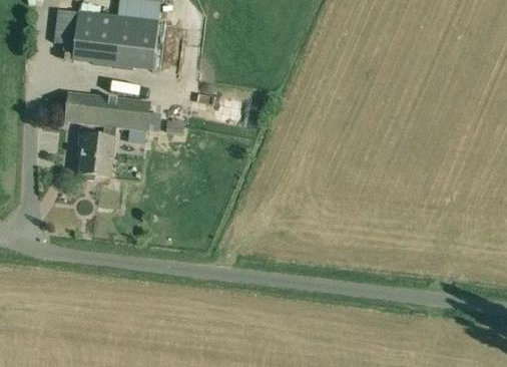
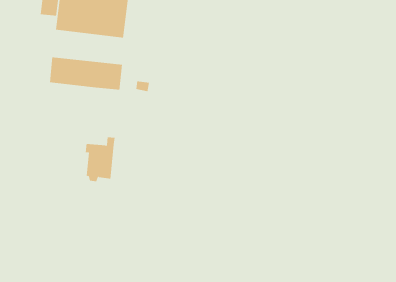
building: [79,126,115,179] -> [85,137,115,182]

